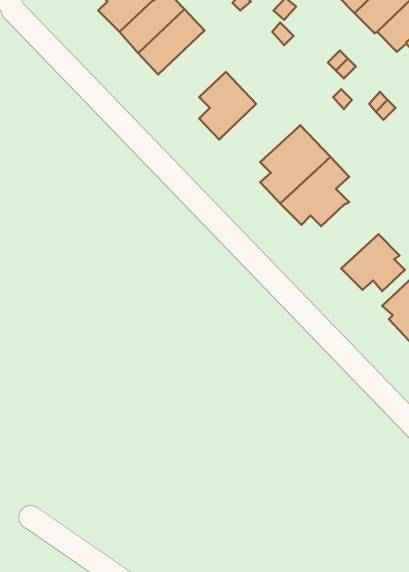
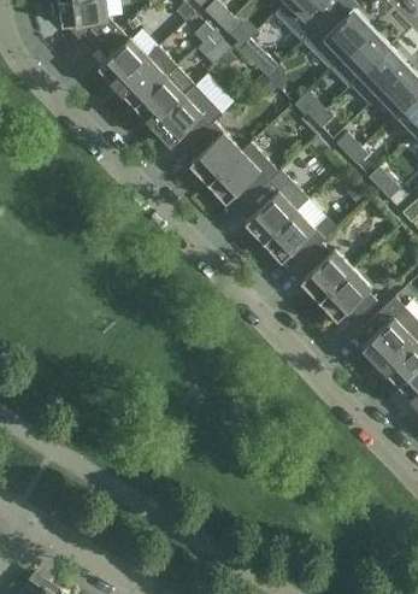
building: none -> [152,84,222,145]
building: none -> [207,143,278,204]
building: none -> [300,242,352,300]

